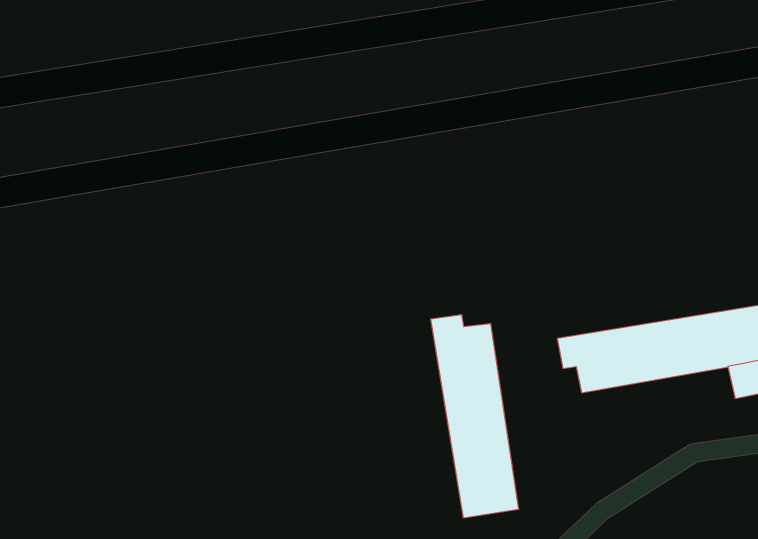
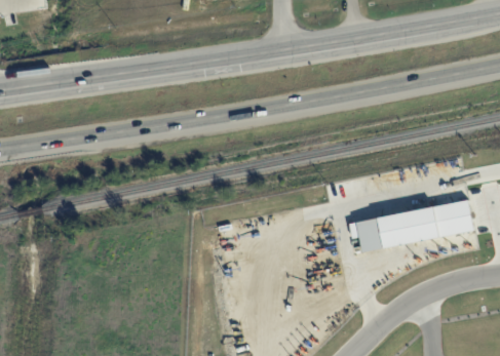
building: [431,315,519,518] -> none

